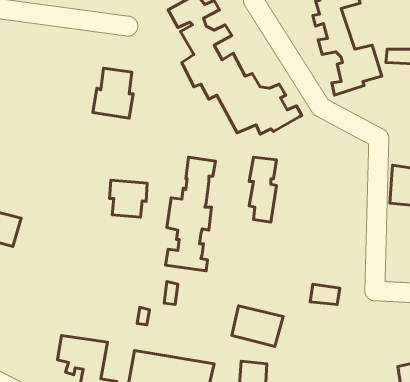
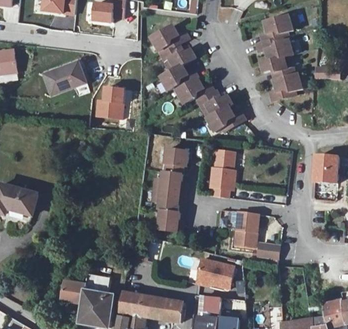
building: none -> [47,62,88,94]
building: [110,180,147,217] -> none
building: none -> [235,213,258,247]

